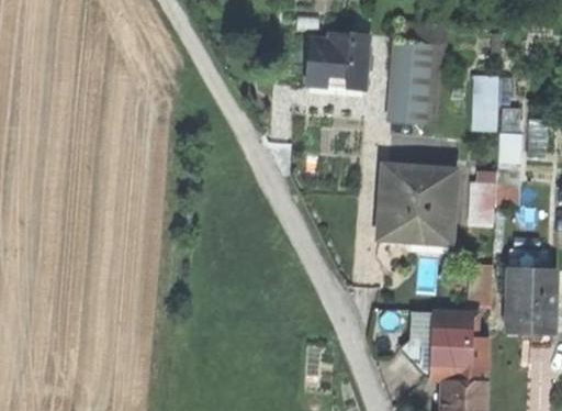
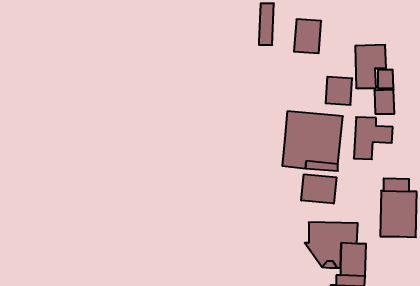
building: [307,23,348,76] -> none
building: [390,86,425,123] -> [326,77,352,105]
building: none -> [301,174,336,204]

